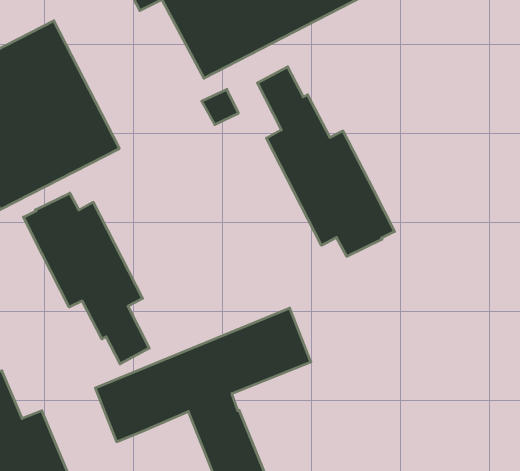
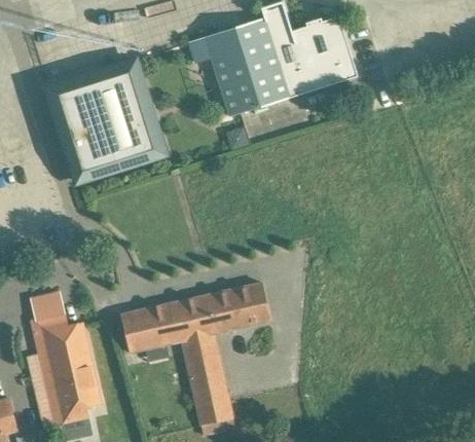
building: [257,67,395,256] -> none
building: [23,193,149,364] -> none

